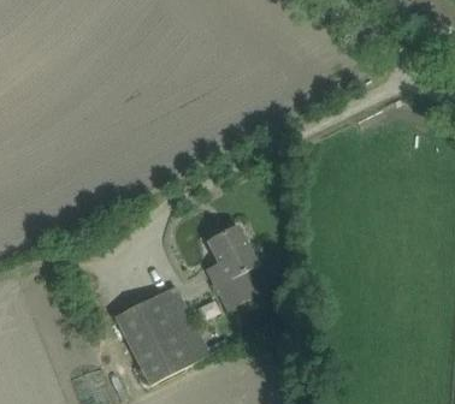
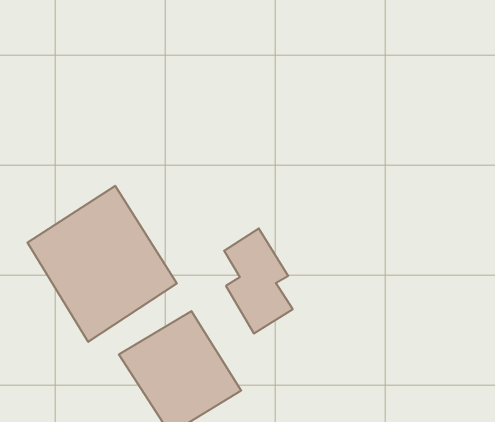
building: none -> [28,186,177,342]

